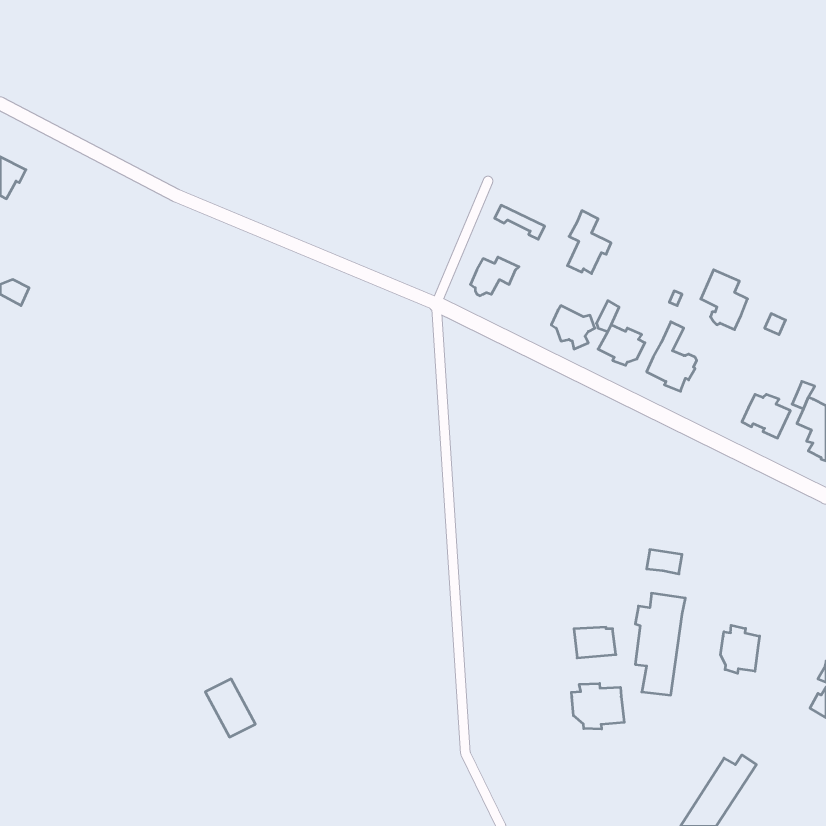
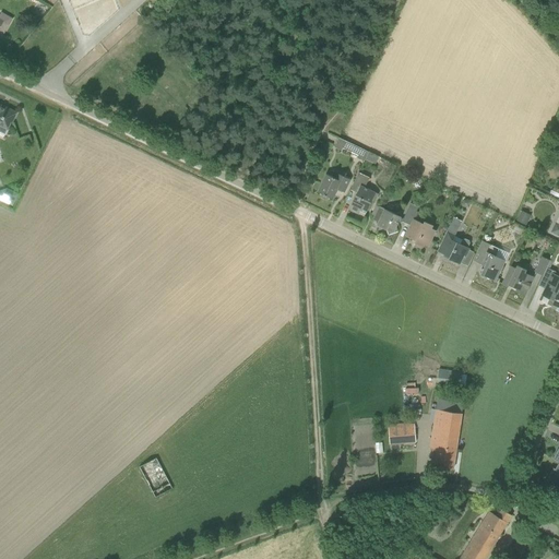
building: [567,211,611,274] -> [348,173,378,215]
building: [701,270,748,330] -> [473,241,504,282]
building: [720,625,760,673] -> none
building: [571,683,624,729] -> none

